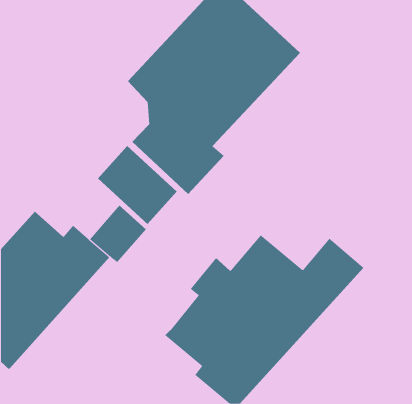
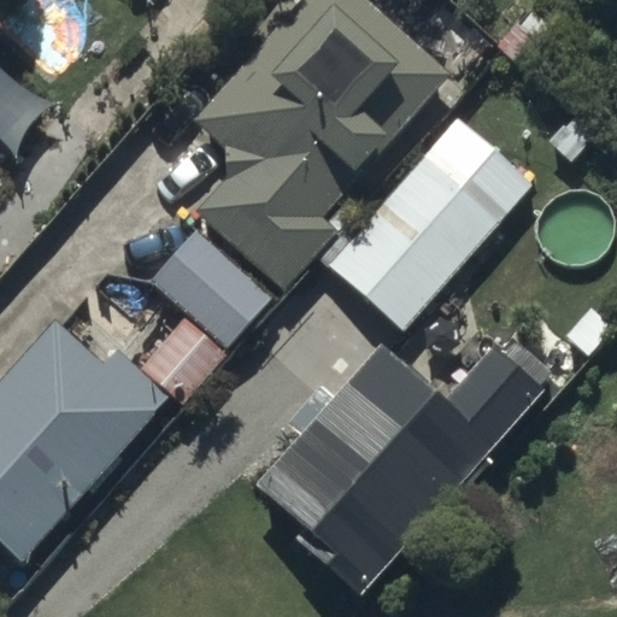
building: none -> [331,149,507,330]

